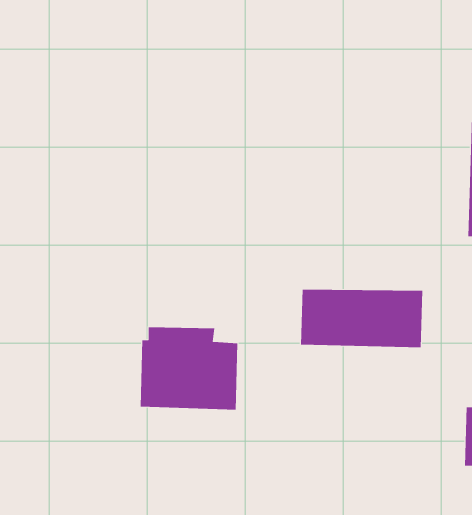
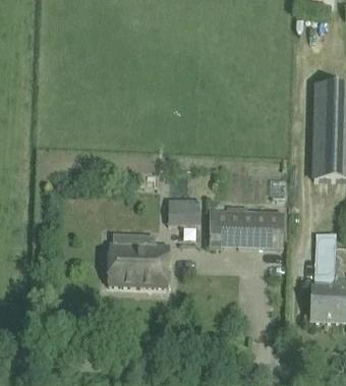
building: none -> [169,198,200,224]

